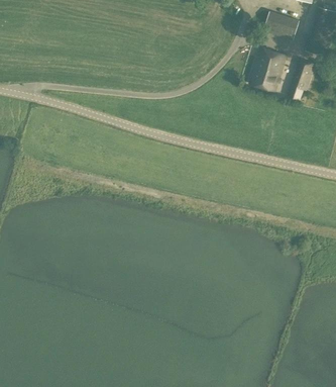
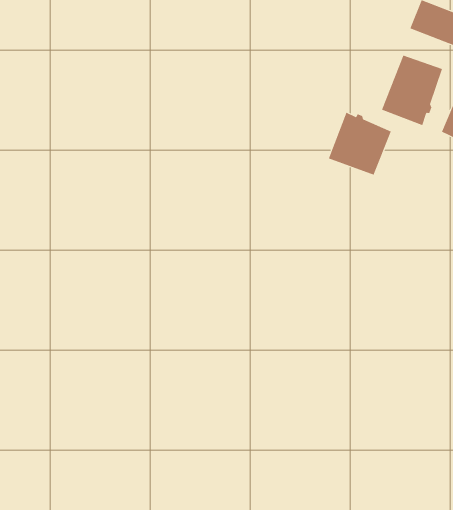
building: none -> [328,112,392,175]

